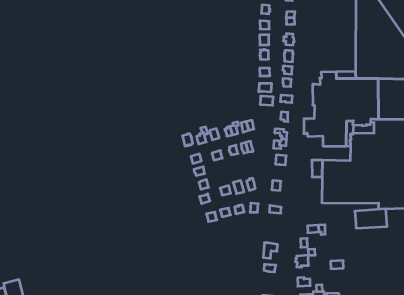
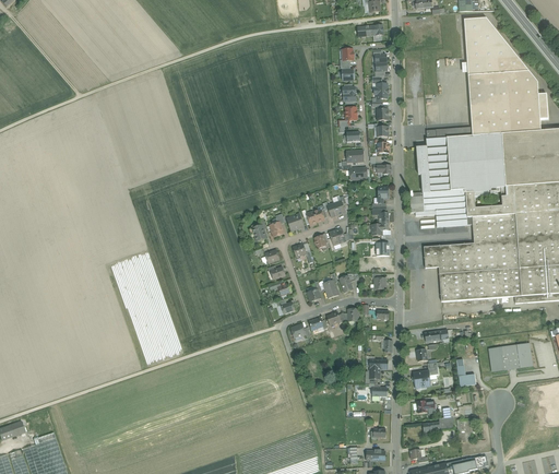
building: [355,209,387,228] -> [489,343,533,371]

